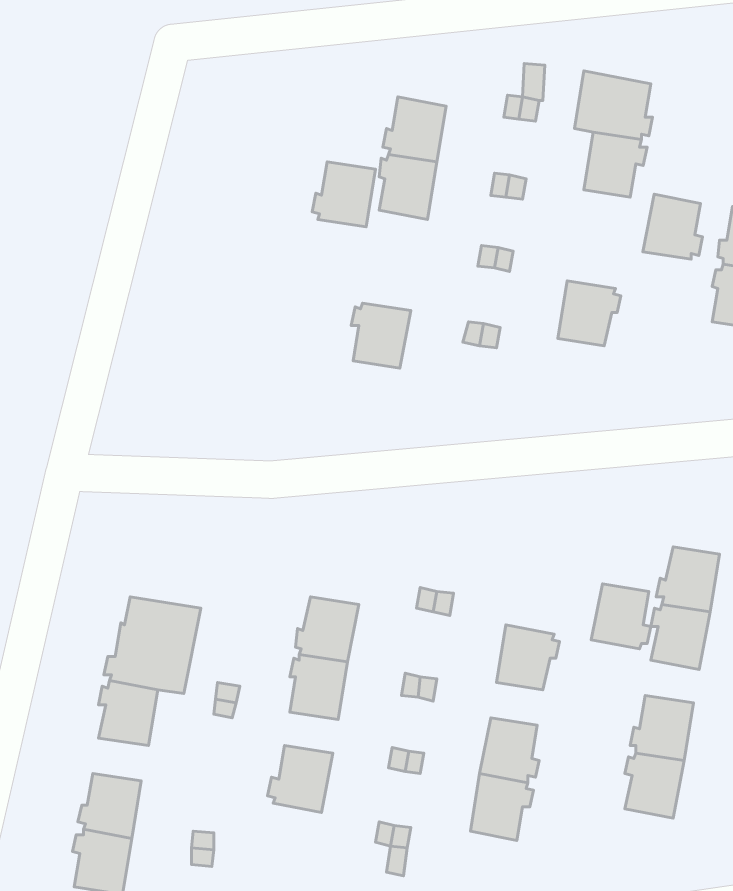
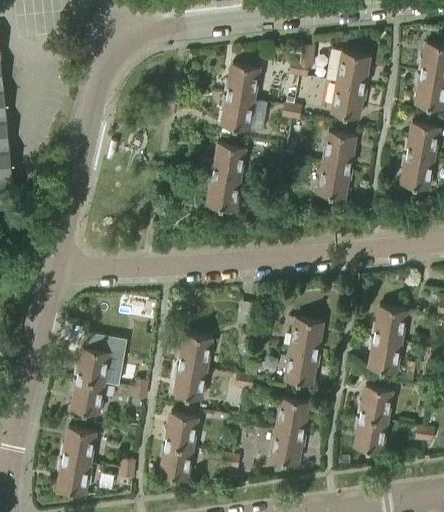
building: [312,162,375,227] -> [210,145,244,180]
building: [643,194,702,259] -> [323,133,355,168]
building: [591,584,651,649] -> [290,319,322,354]
building: none -> [160,445,191,480]

